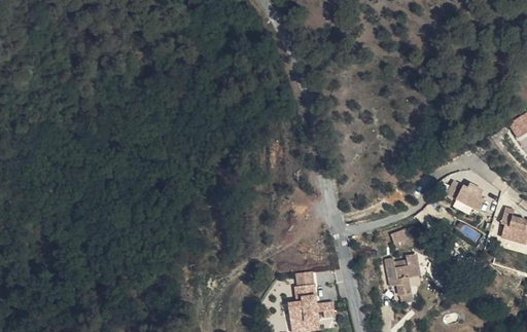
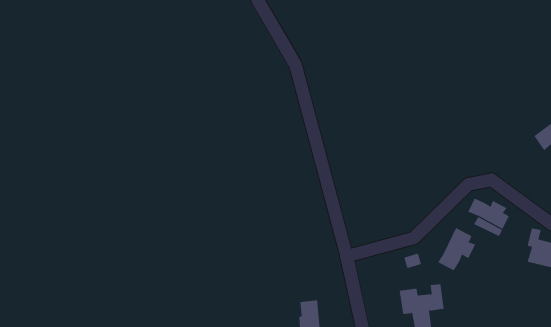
building: none -> [438,227,476,271]

